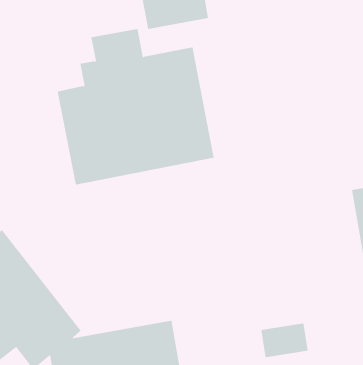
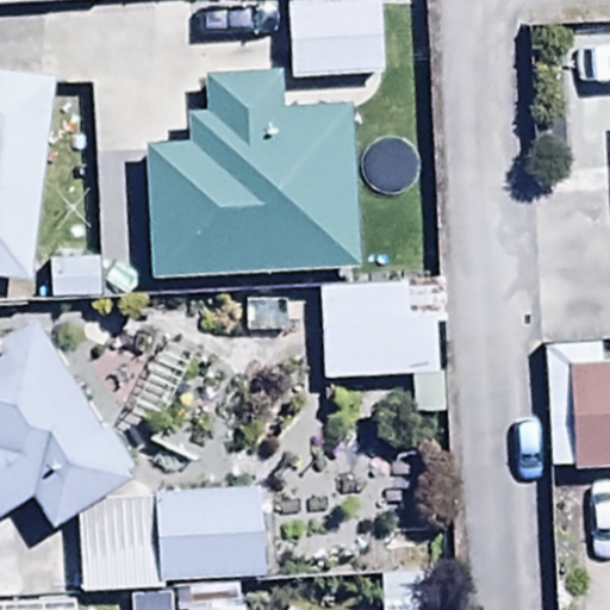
building: none -> [319,279,440,373]

